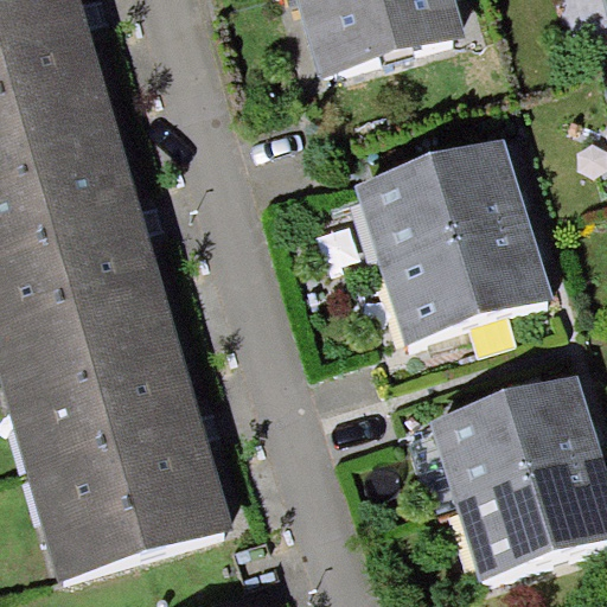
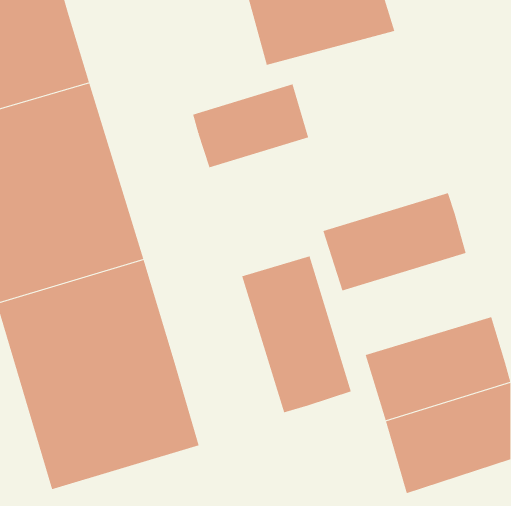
building: none -> [193,84,309,168]
building: [352,135,528,271] -> none
building: none -> [241,256,352,413]

